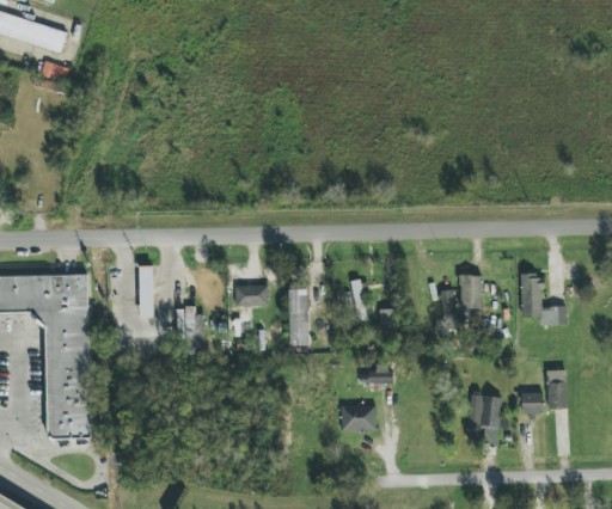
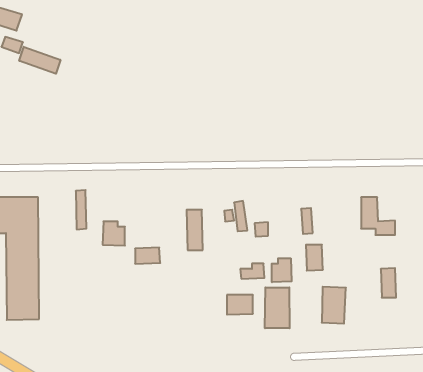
building: none -> [19,47,60,74]
building: [459,275,482,309] -> [306,245,323,271]
building: [234,284,268,306] -> [135,248,160,264]
building: none -> [272,258,292,282]
building: [520,392,543,416] -> none
building: none -> [265,287,290,328]

